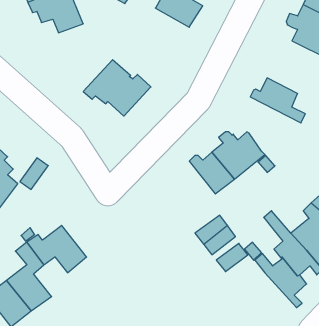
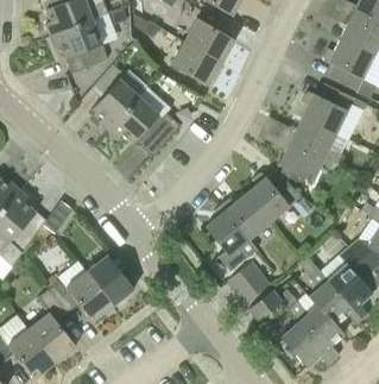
building: none -> [172,42,221,84]
building: none -> [93,65,140,130]
building: none -> [302,83,353,132]
building: none -> [279,136,339,193]
building: none -> [206,203,257,270]
building: none -> [87,254,134,304]
building: none -> [282,321,334,366]

